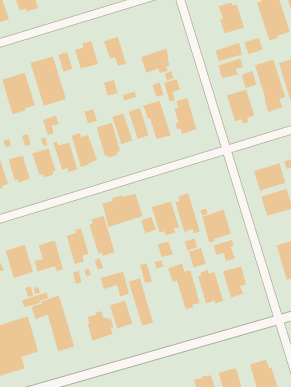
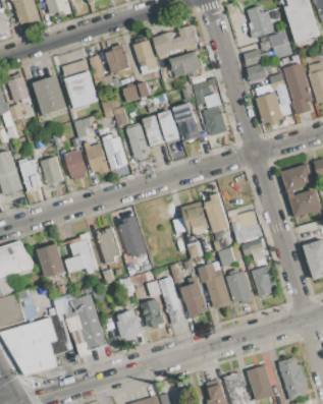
building: none -> [152,25,198,59]
building: [102,193,143,228] -> none
building: none -> [181,282,207,320]

